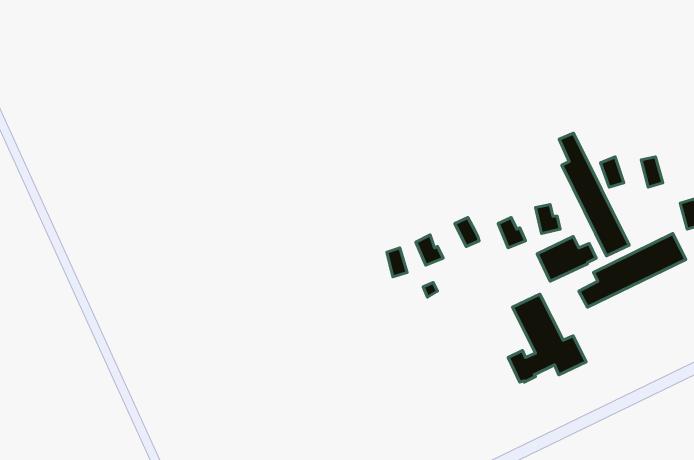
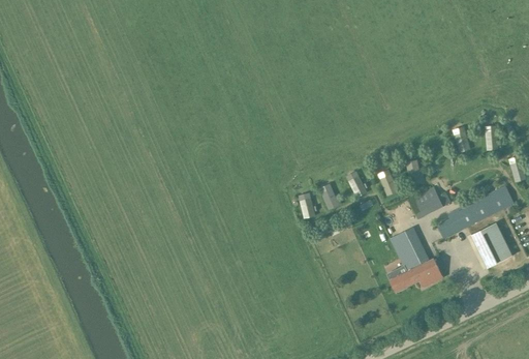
building: [559,133,629,256] -> none
building: none -> [471,221,512,267]

